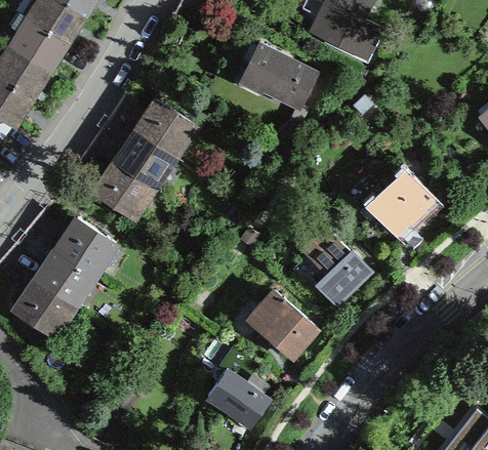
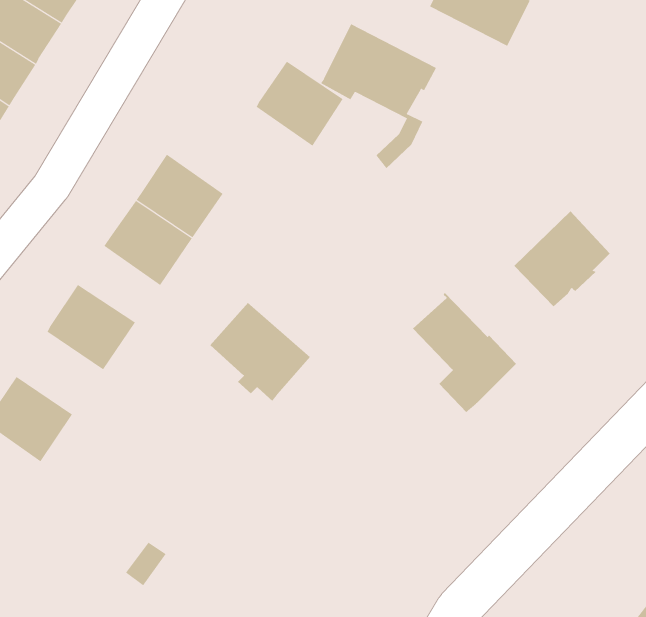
building: [136,100,195,158] -> [256,61,343,147]
building: [36,250,94,305] -> none
building: [249,292,317,359] -> [209,302,311,402]
building: [207,347,269,427] -> none

